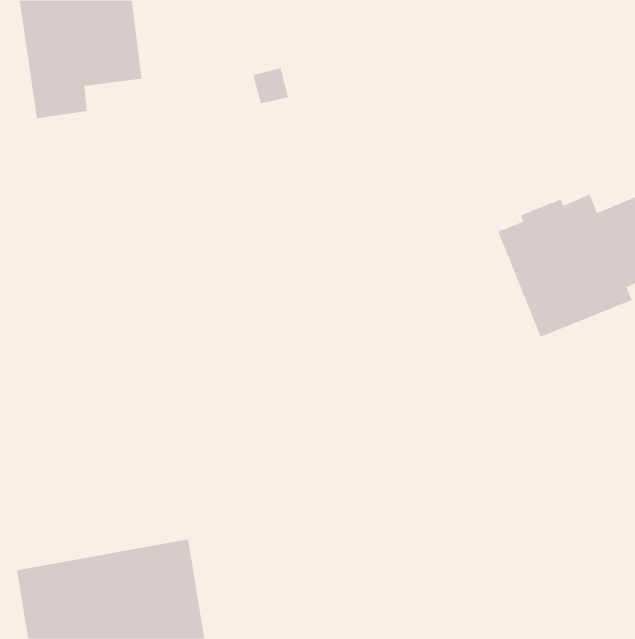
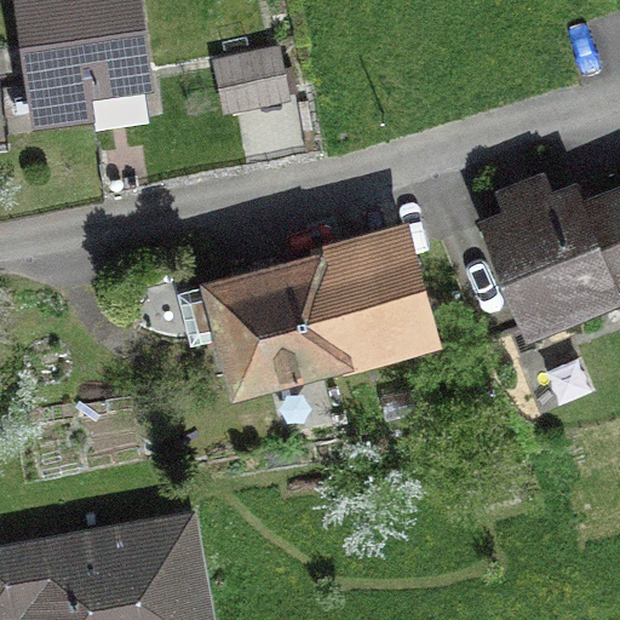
building: none -> [177,248,427,380]

